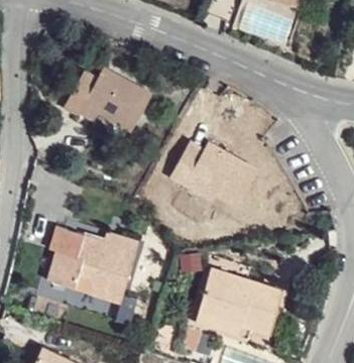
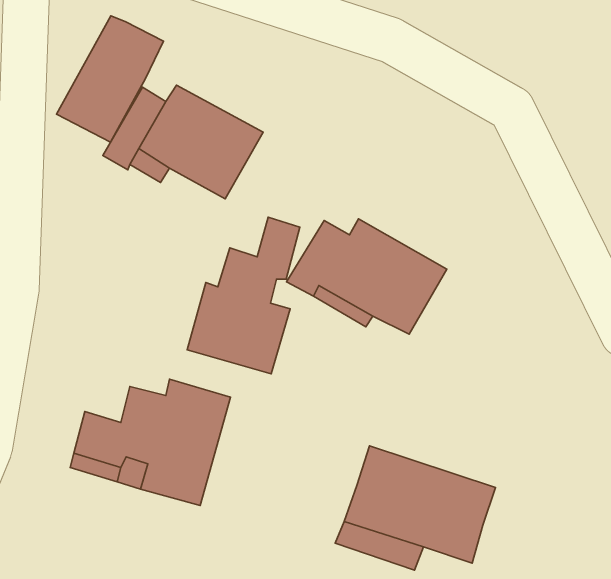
building: none -> [57,16,163,142]
building: none -> [187,217,300,374]

